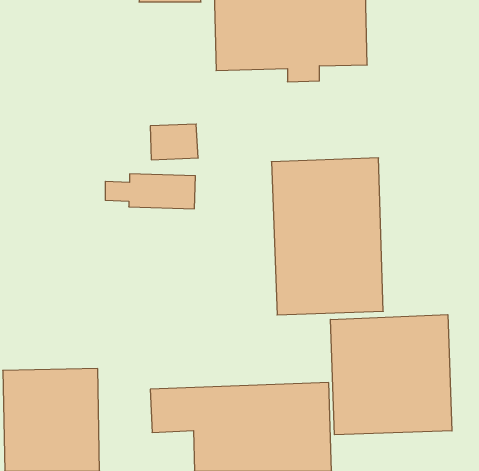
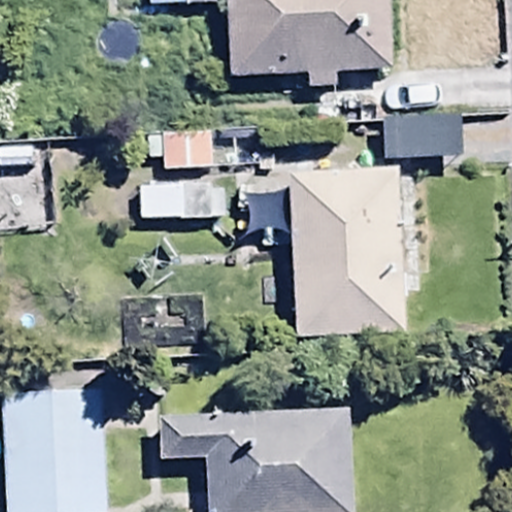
building: [330,315,452,435] -> none

